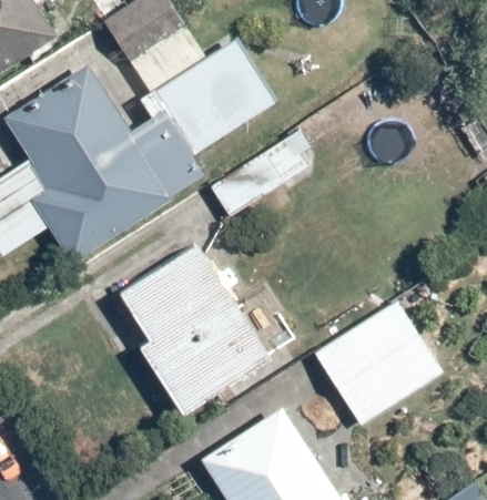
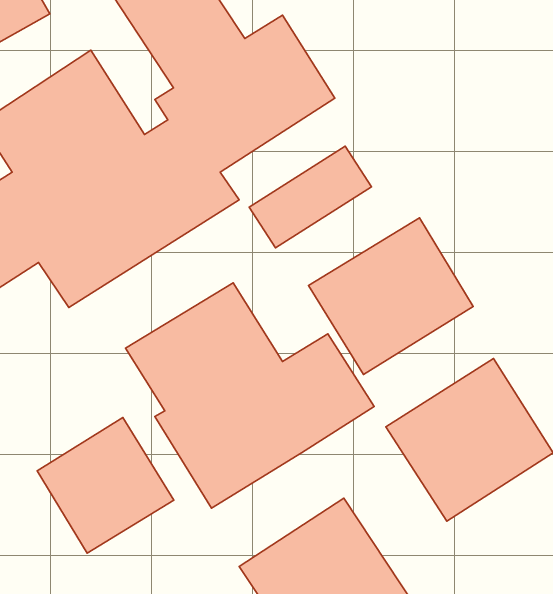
building: none -> [309,218,473,374]
building: none -> [37,417,174,553]

